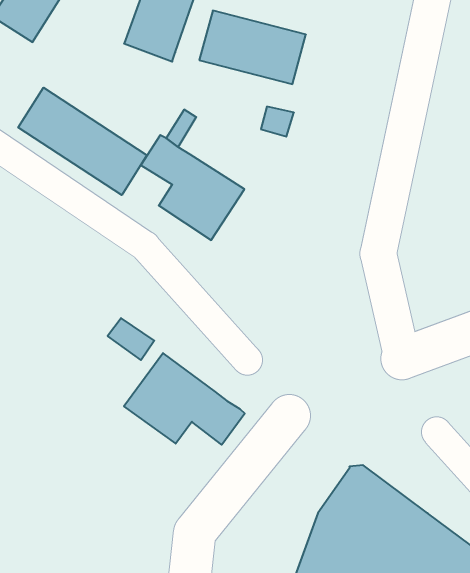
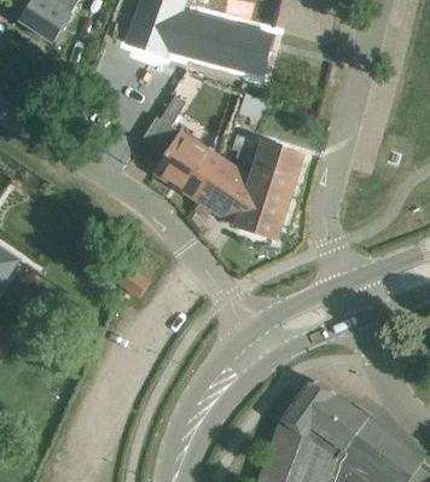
building: [18,88,147,195] -> none
building: none -> [197,134,302,238]
building: [124,353,245,445] -> none

